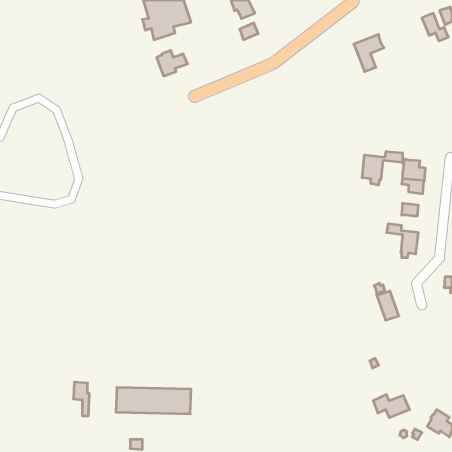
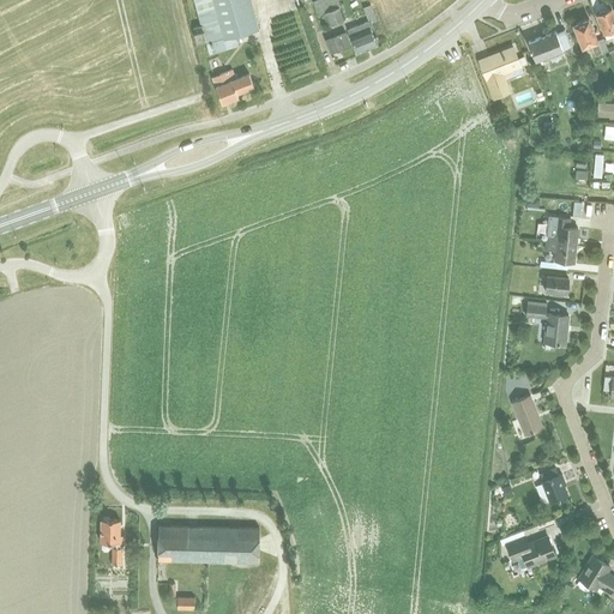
building: none -> [348,20,378,52]
building: none -> [528,30,571,56]
building: [362,151,402,185] -> none
building: none -> [540,468,566,501]

